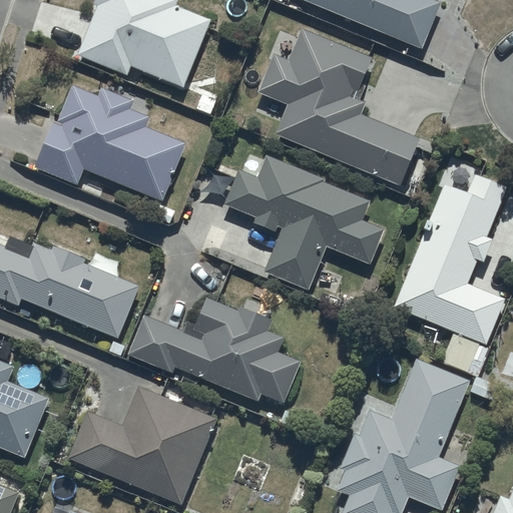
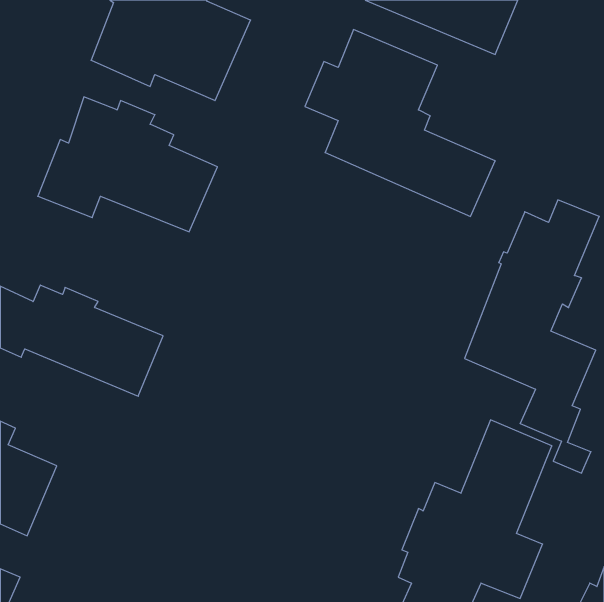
building: [224,155,383,290] -> none
building: [127,297,300,403] -> none
building: [69,386,216,504] -> none

